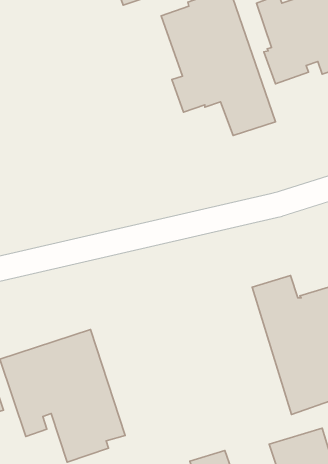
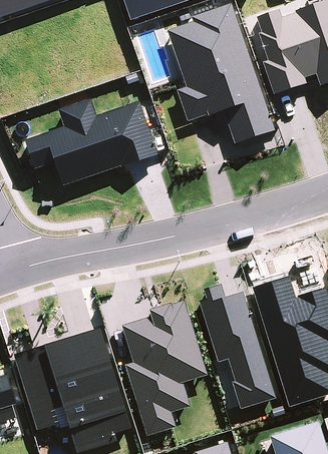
building: none -> [24,99,156,185]
building: none -> [199,284,275,408]
building: none -> [121,300,207,434]

